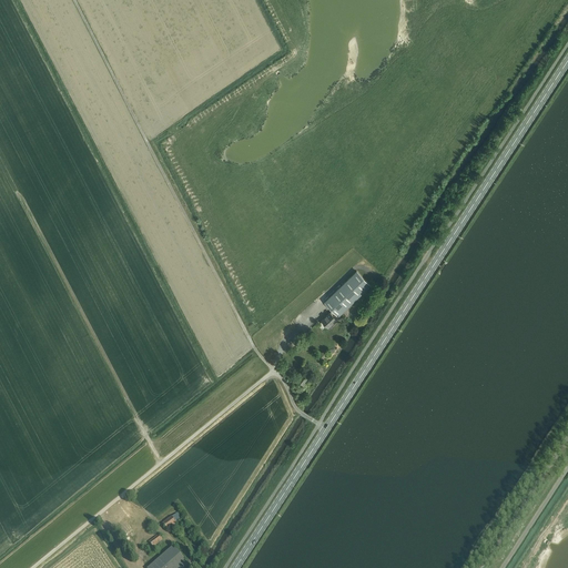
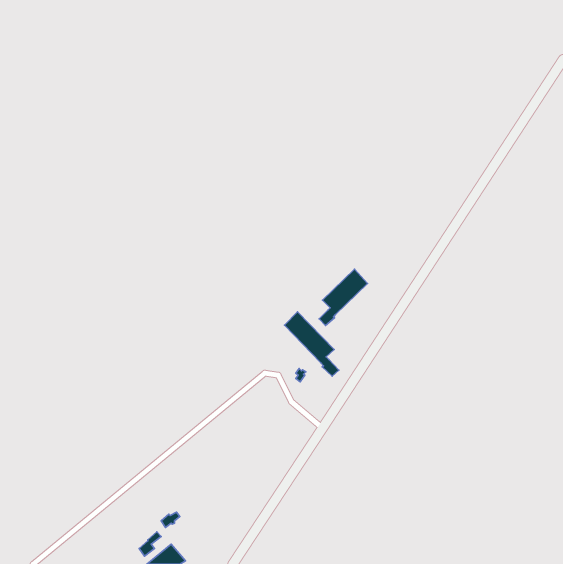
building: none -> [284,312,339,376]

